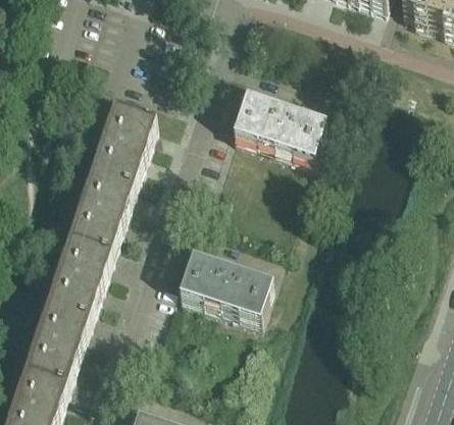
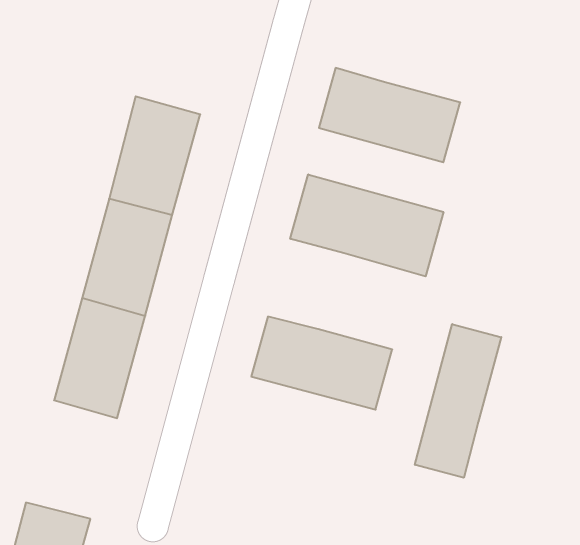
building: none -> [290,174,443,276]
building: none -> [415,324,501,478]
building: [23,306,87,385] -> none

